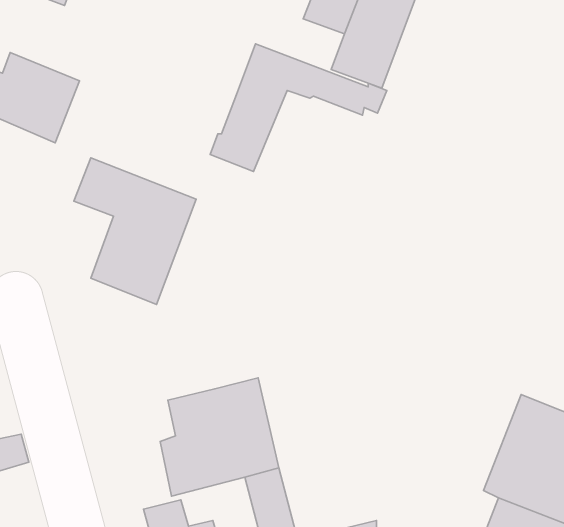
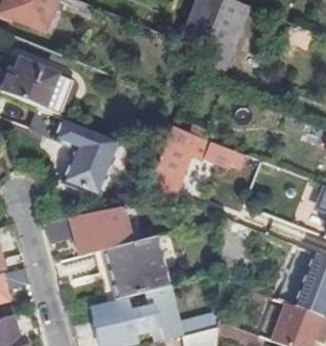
building: [210,44,387,171] -> [150,127,246,197]
building: none -> [46,206,132,256]

